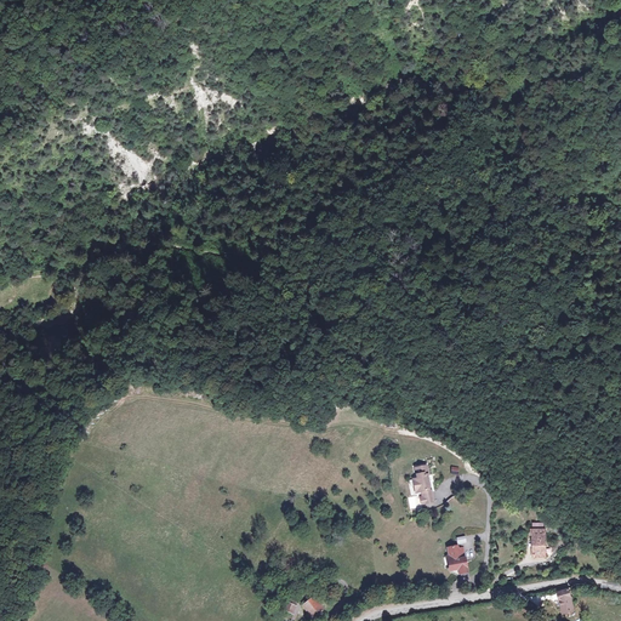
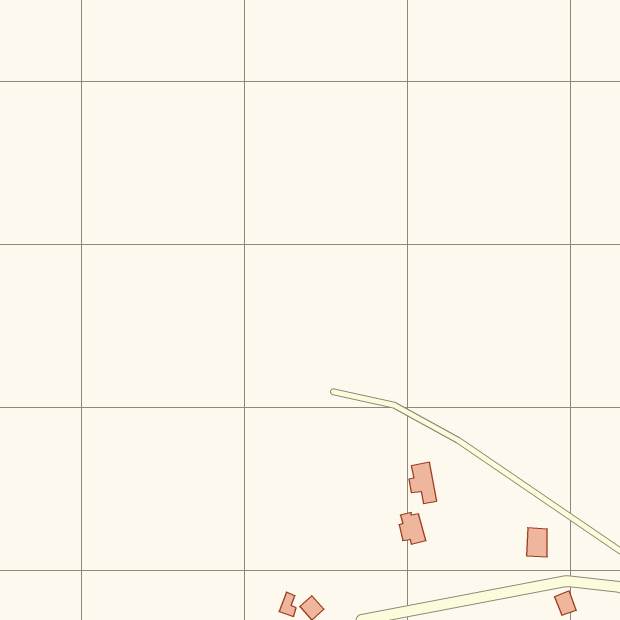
building: [444,546,471,577] -> [399,513,426,544]

